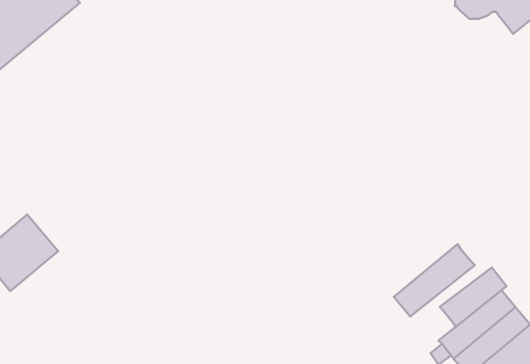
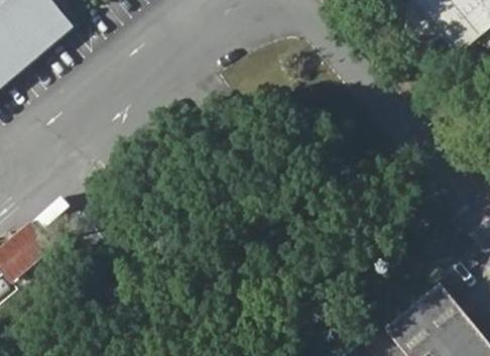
building: [394,244,475,316] -> none
building: [440,268,507,327] -> none

